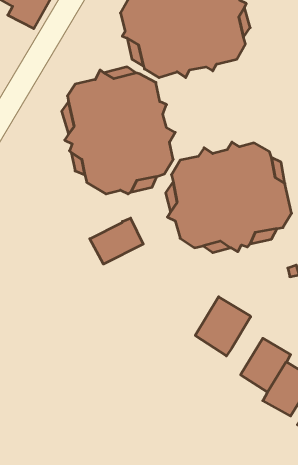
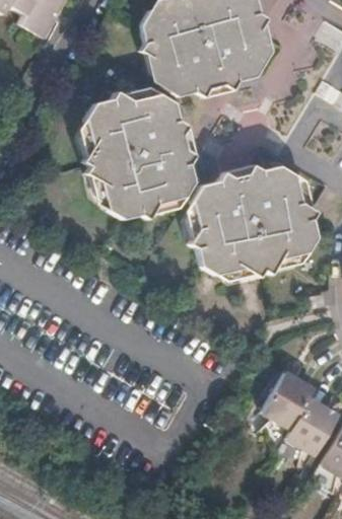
building: [90,218,143,264] -> none
building: [195,297,251,356] -> none

